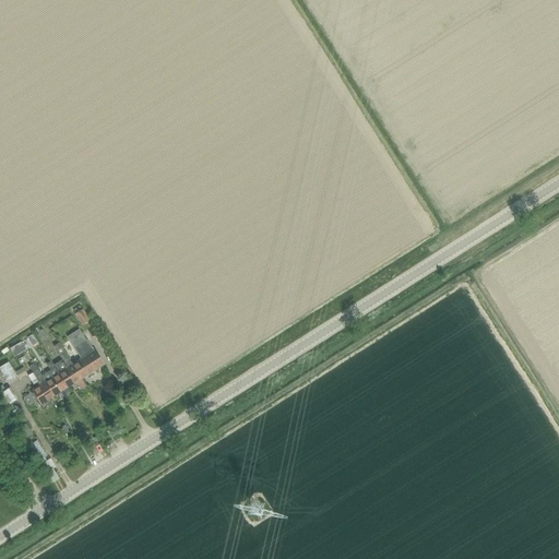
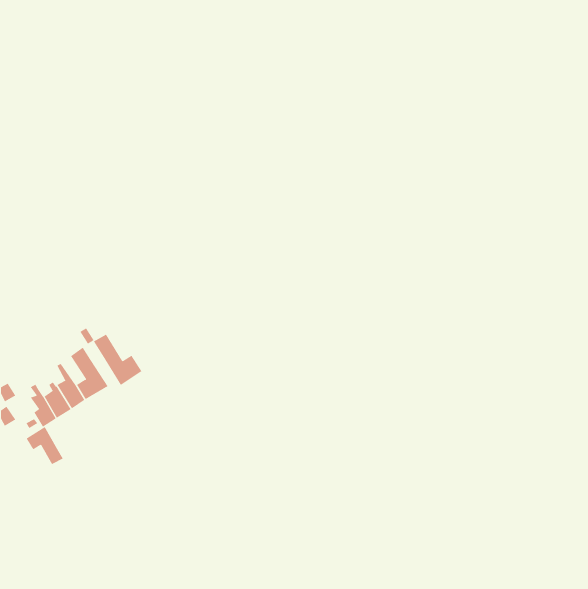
building: none -> [93,334,142,386]
building: none -> [26,426,64,465]

